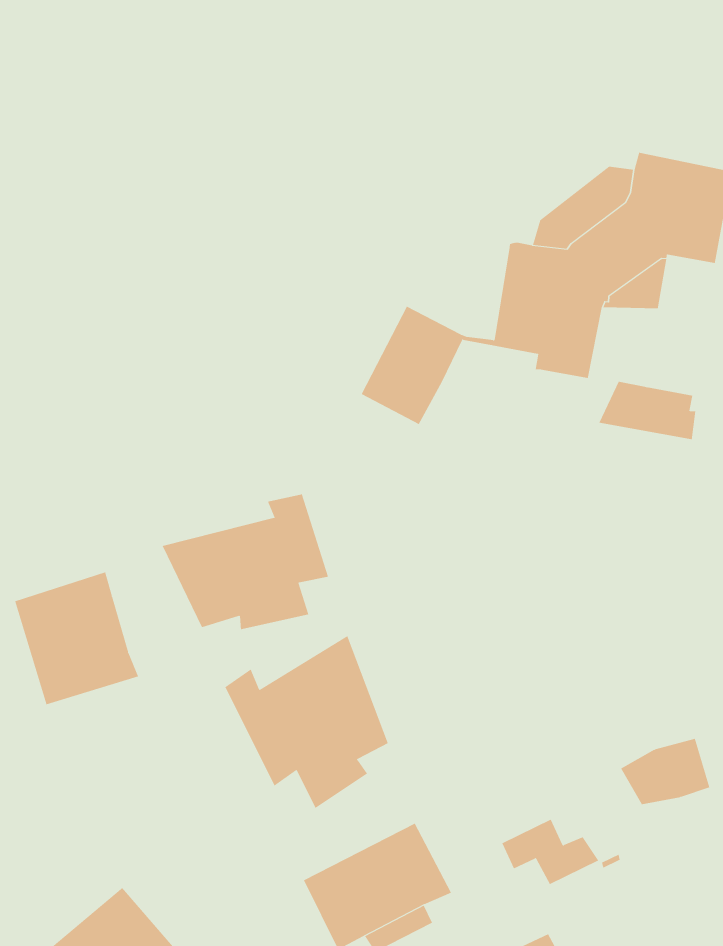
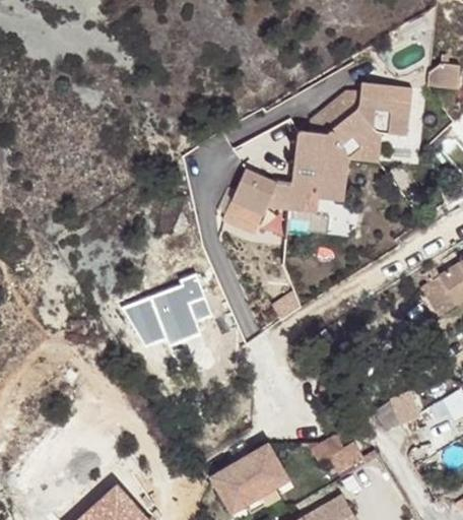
building: [598,381,696,440] -> [267,188,318,216]
building: [14,572,139,705] -> none
building: [224,635,389,809] -> none

